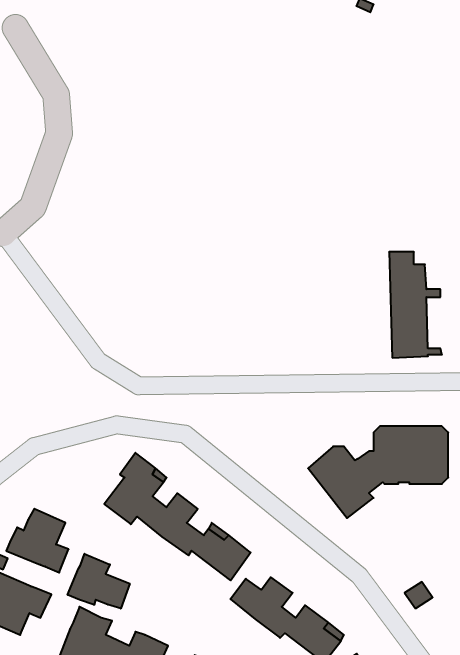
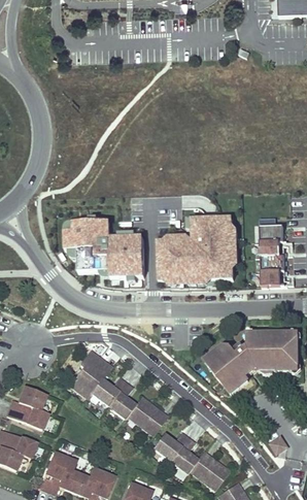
building: none -> [157,218,234,281]
building: none -> [64,221,144,277]
building: [68,554,130,609] -> none

